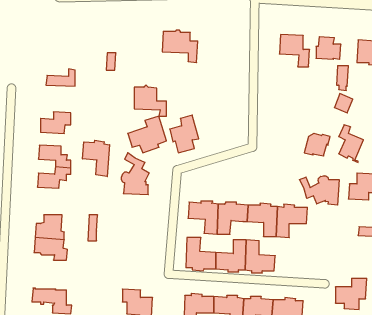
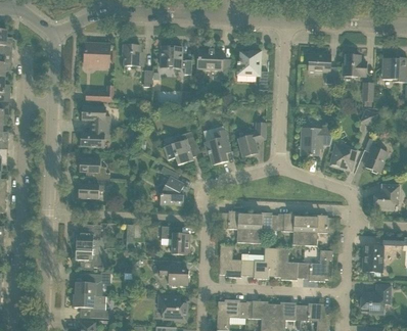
building: none -> [84,42,109,66]
building: none -> [123,44,143,65]
building: none -> [237,50,268,89]
building: [134,85,166,116] -> [161,44,191,74]
building: none -> [82,105,110,127]
building: none -> [237,123,266,156]
building: none -> [301,125,334,155]
building: [83,140,110,177] -> none
building: [299,176,339,205] -> none
building: none -> [162,226,190,254]
building: none -> [362,245,383,272]
building: none -> [303,249,332,281]
building: none -> [160,262,188,286]
building: none -> [76,271,110,295]

